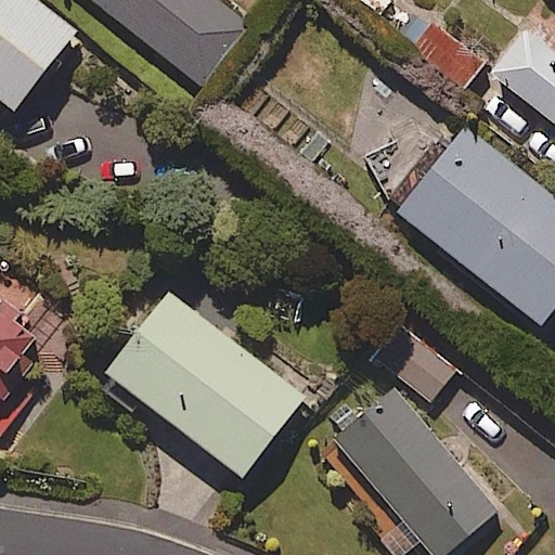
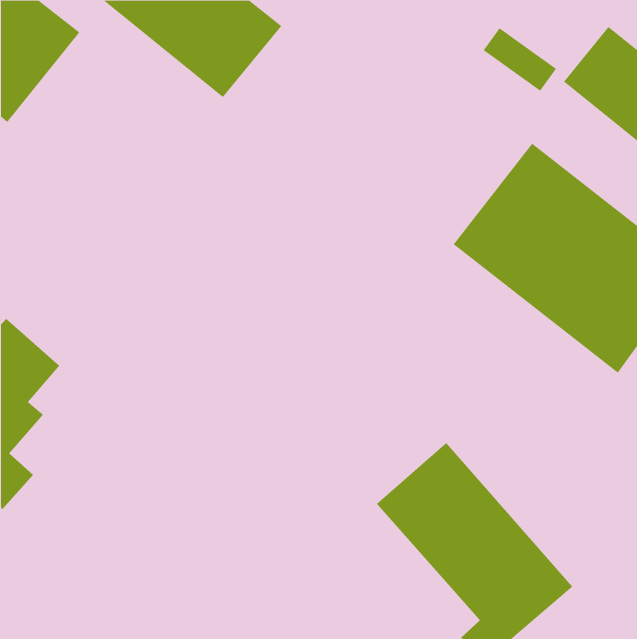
building: [103,288,302,476] -> none

